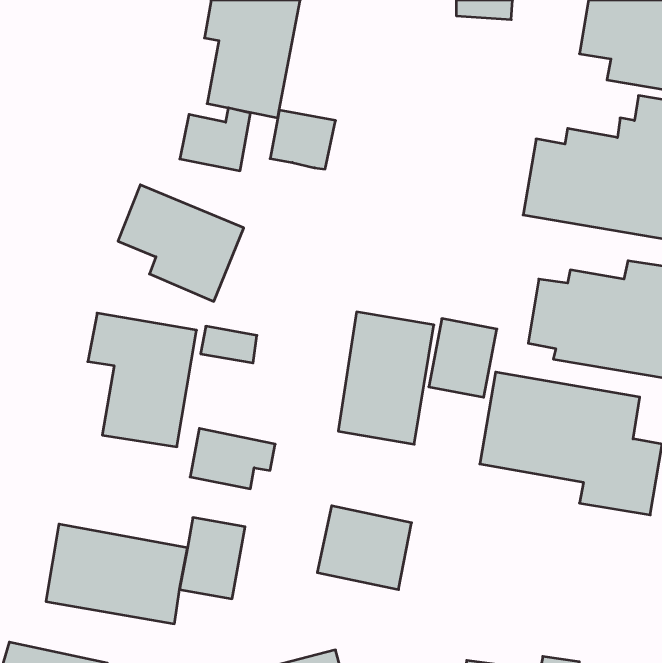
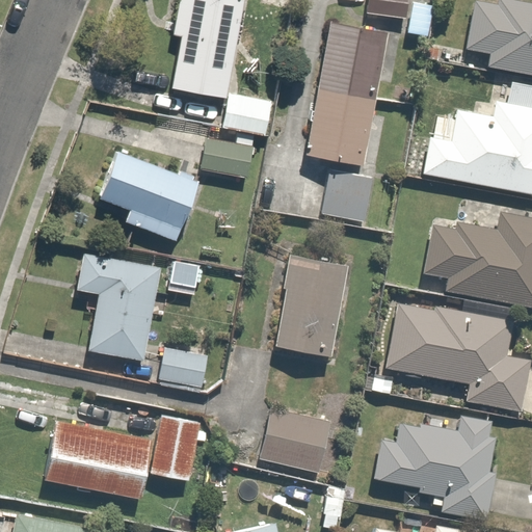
building: none -> [303,19,391,168]
building: [180,108,251,171] -> [200,134,256,184]
building: [429,319,497,397] -> [319,169,373,232]
building: none -> [374,415,499,520]

